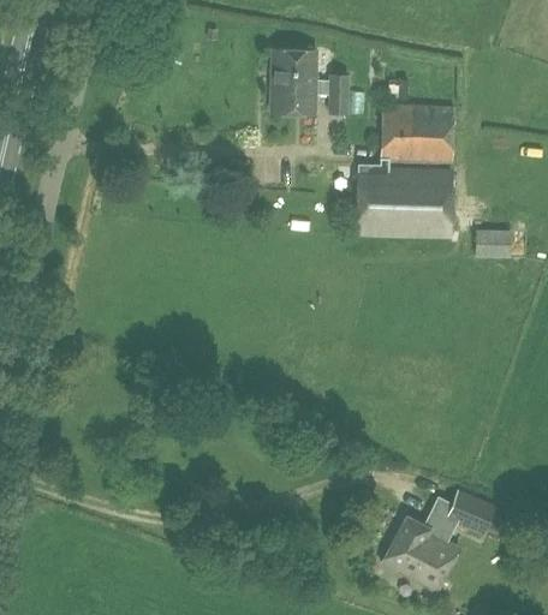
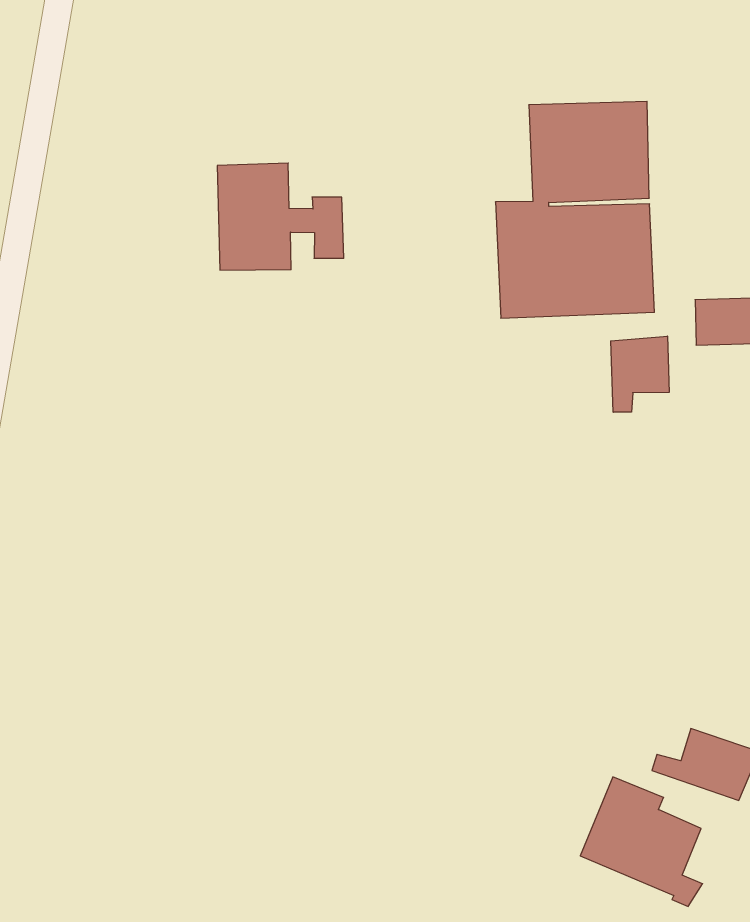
building: [272,48,349,114] -> [217,163,344,270]
building: none -> [611,336,669,412]

